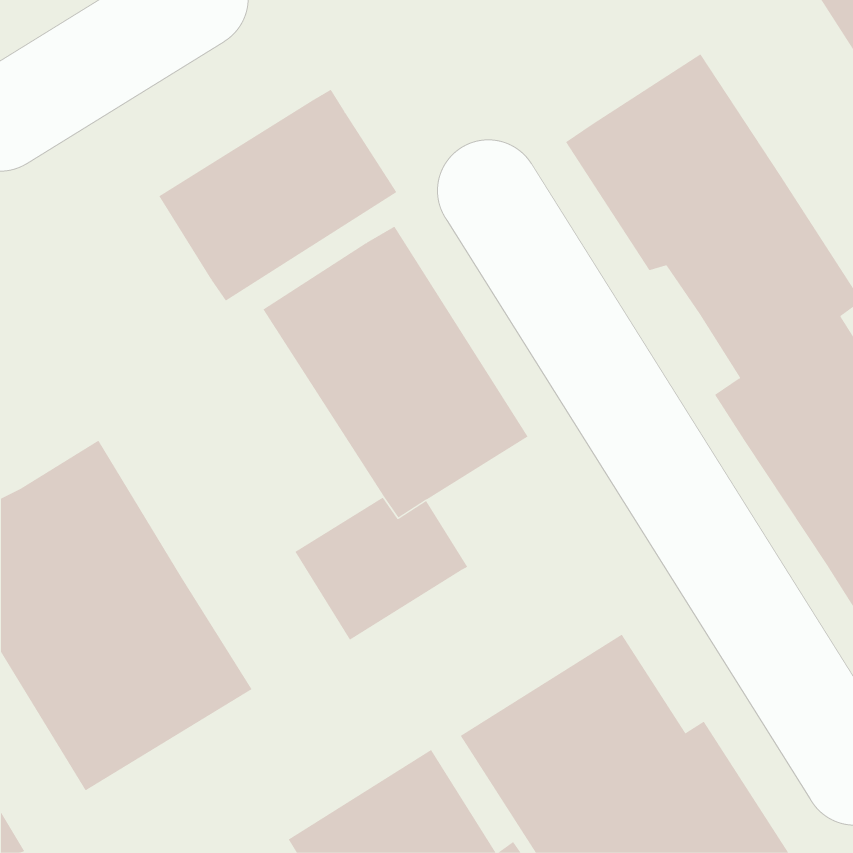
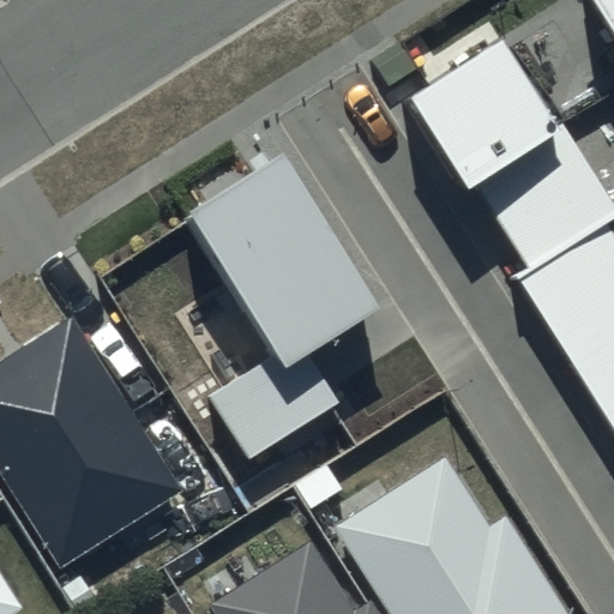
building: [159,89,397,301] -> none

